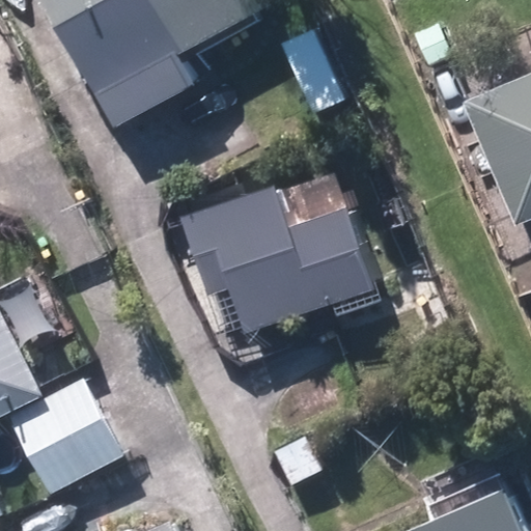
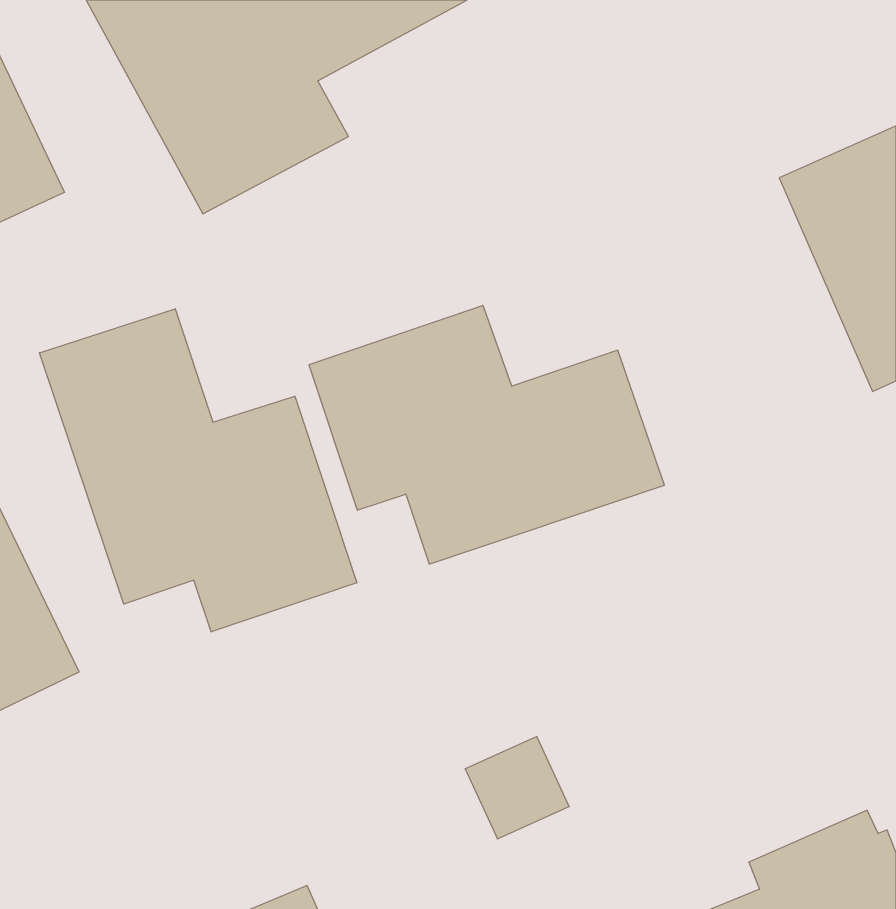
building: none -> [39,309,357,632]
building: [8,379,124,494] -> none

